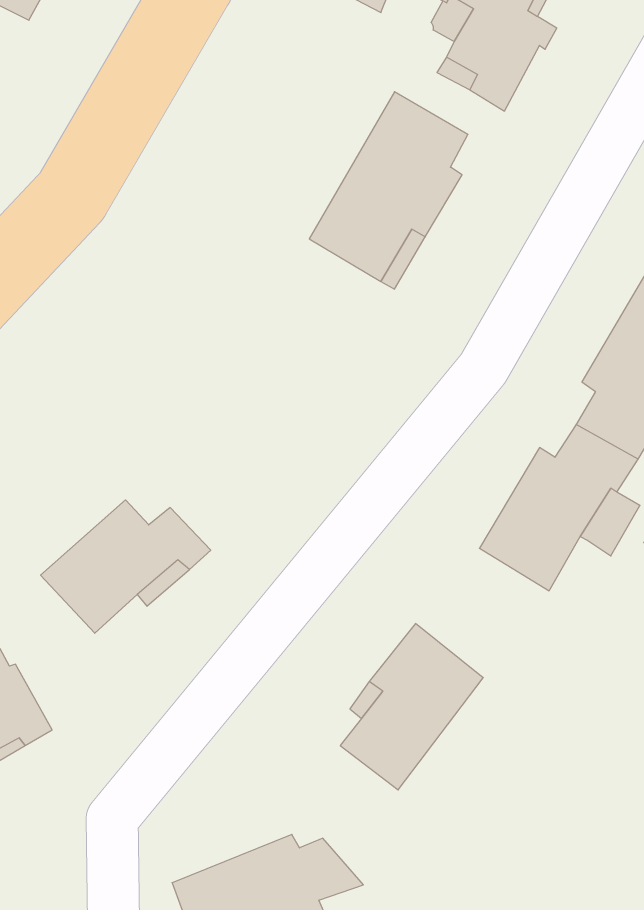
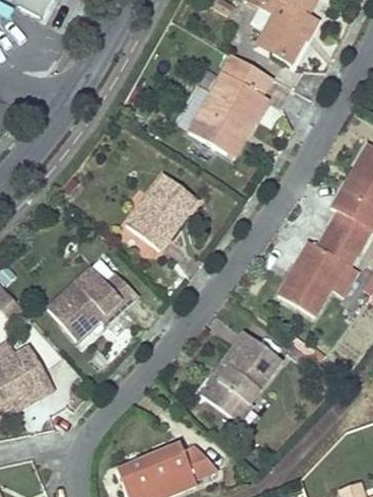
building: none -> [126,173,197,248]

